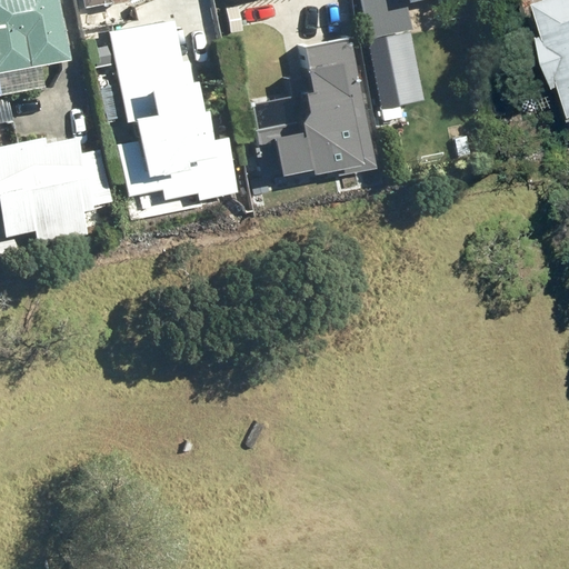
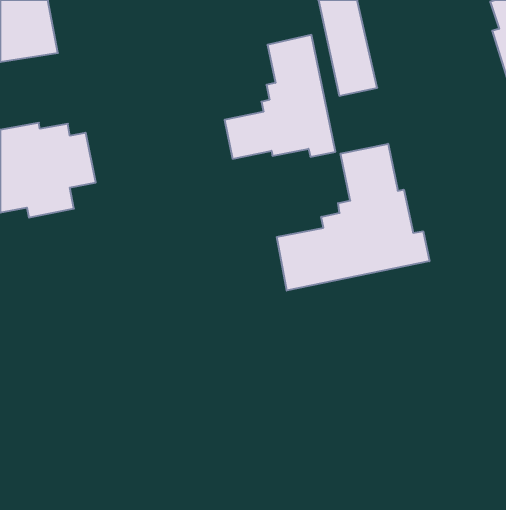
building: [110,20,237,197] -> none
building: none -> [277,144,429,291]

